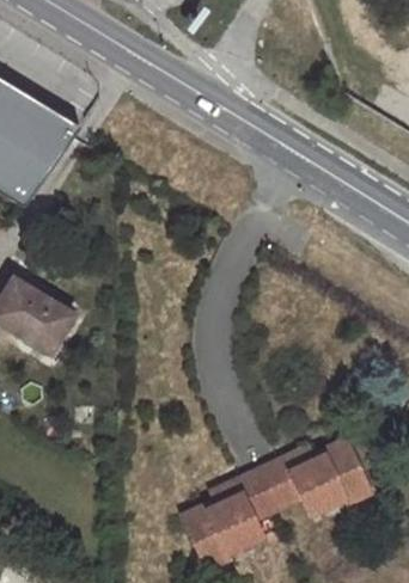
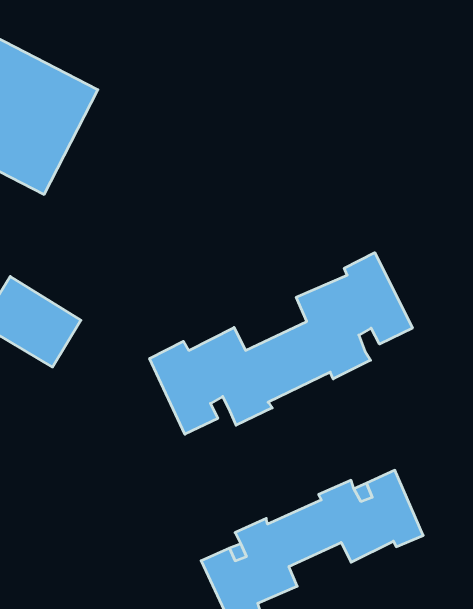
building: none -> [150,253,412,434]

